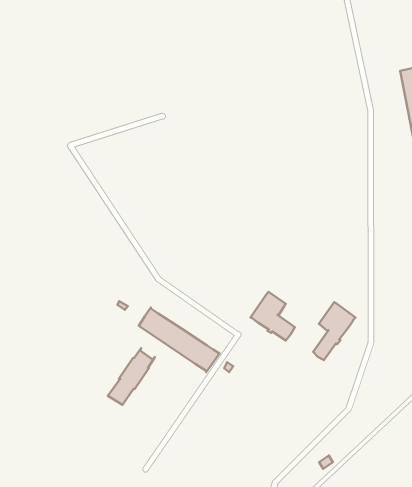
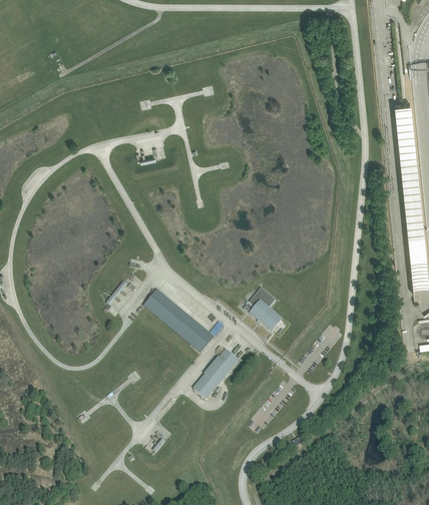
building: [313,302,356,360] -> none
building: [108,348,155,405] -> [193,349,238,397]

